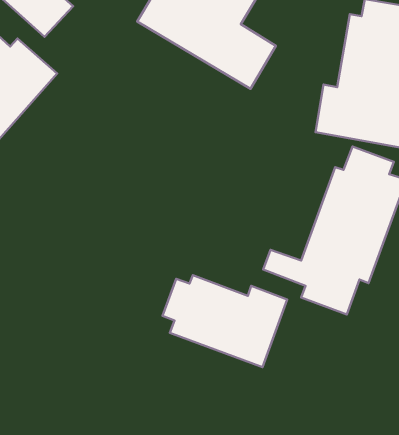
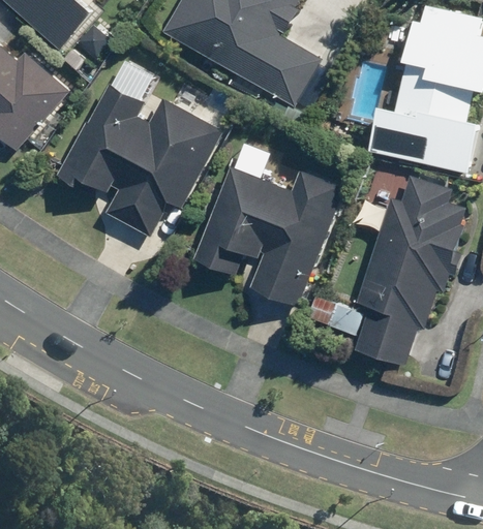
building: none -> [55,83,225,237]
building: none -> [191,164,343,309]
building: [162,275,287,367] -> none

